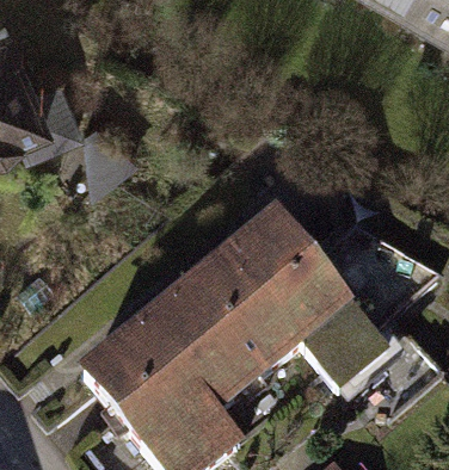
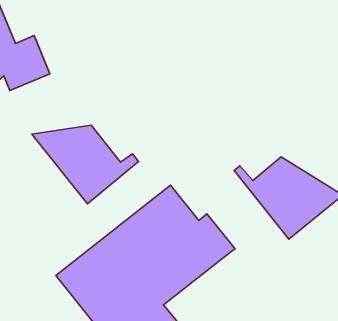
building: none -> [32,125,138,204]
building: [224,219,385,388] -> none

